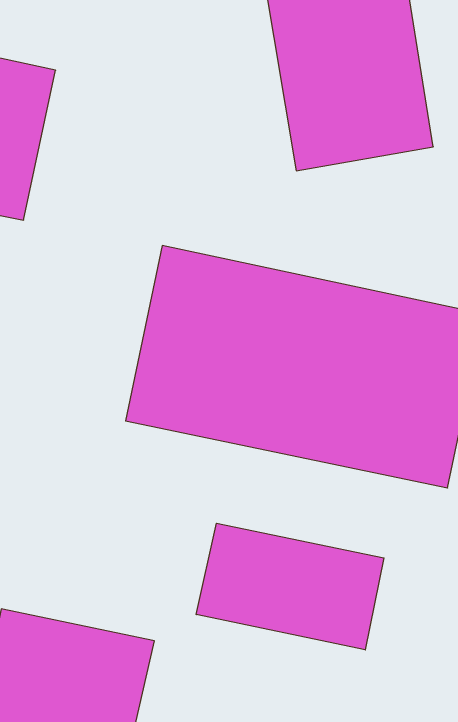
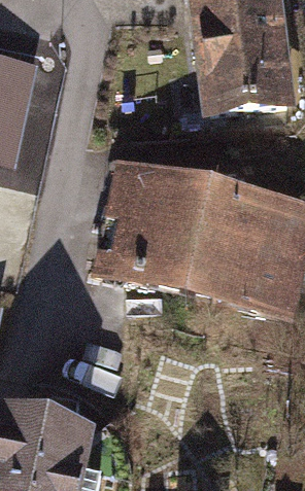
building: [196,523,384,650] -> none

